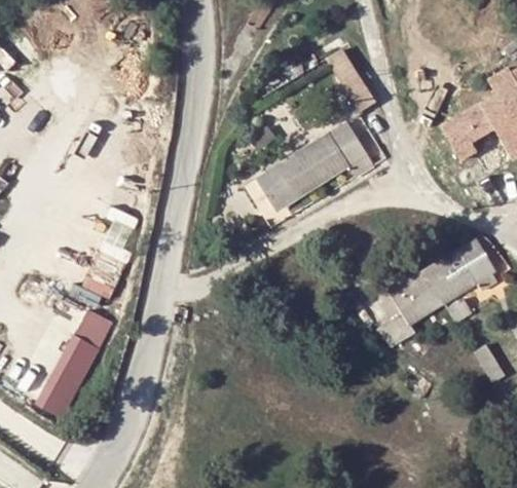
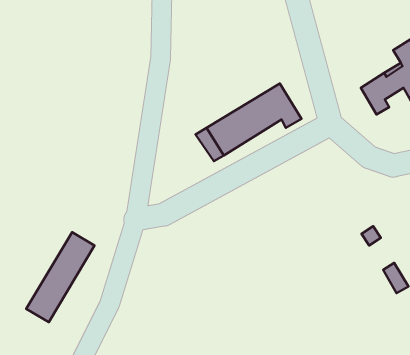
building: [327,48,375,116] -> none
building: [377,238,501,347] -> none

